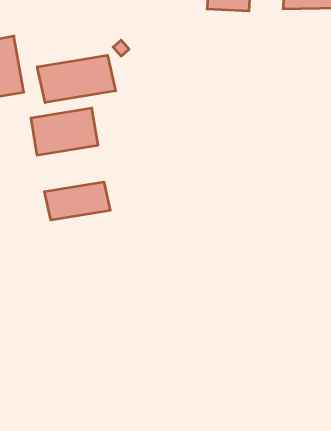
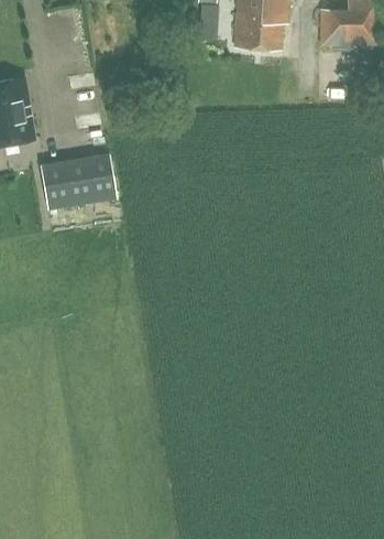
building: [37,55,116,103] -> none
building: [44,182,110,220] -> none

